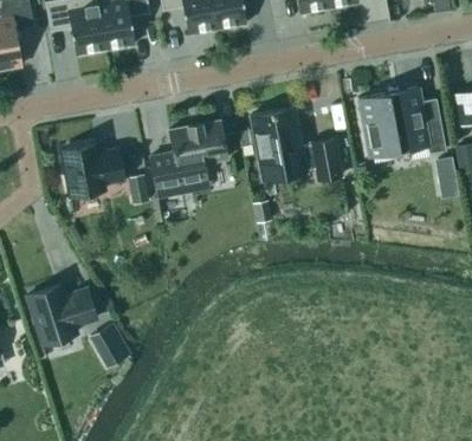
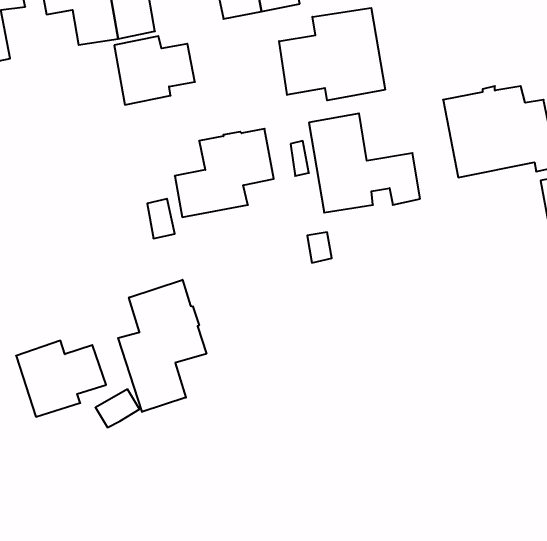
building: none -> [279,8,385,100]
building: [62,143,124,196] -> [114,36,195,105]
building: none -> [118,280,206,412]

